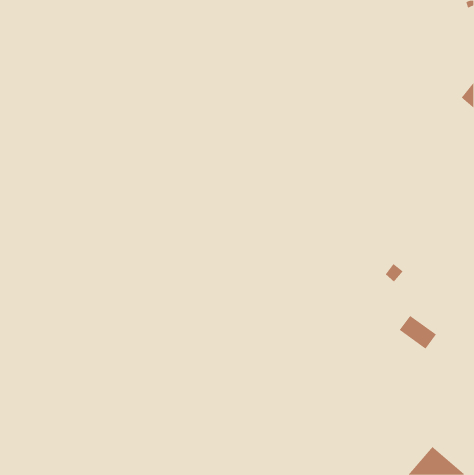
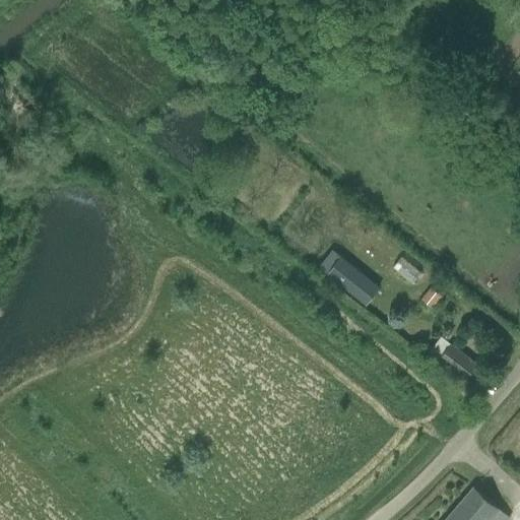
building: none -> [327,257,380,306]

